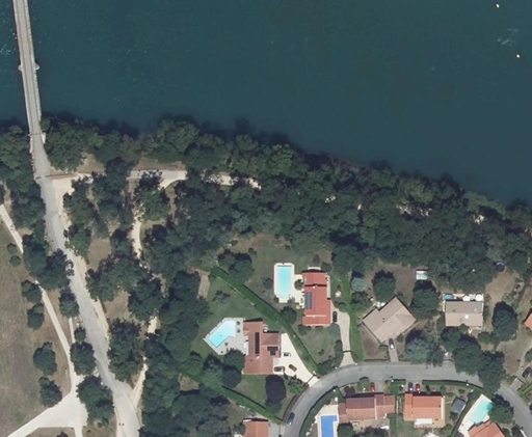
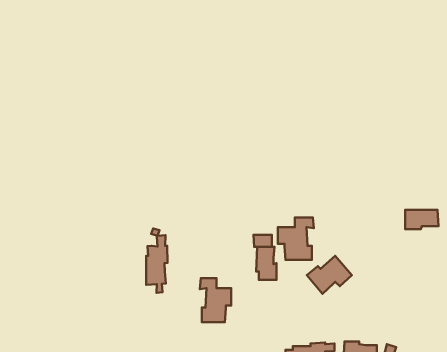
building: none -> [278,217,314,260]
building: none -> [146,235,167,293]
building: [445,302,482,324] -> [405,210,438,229]

